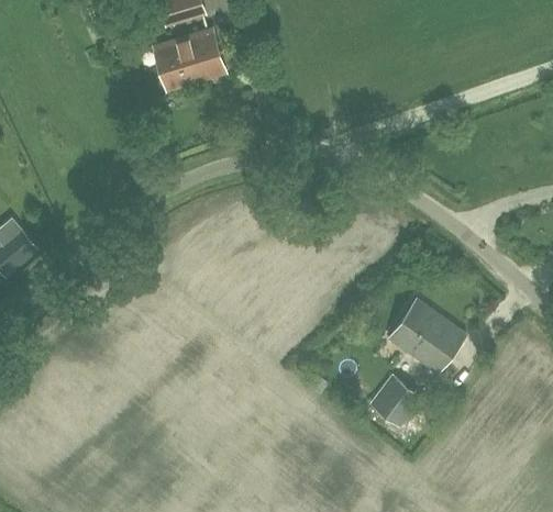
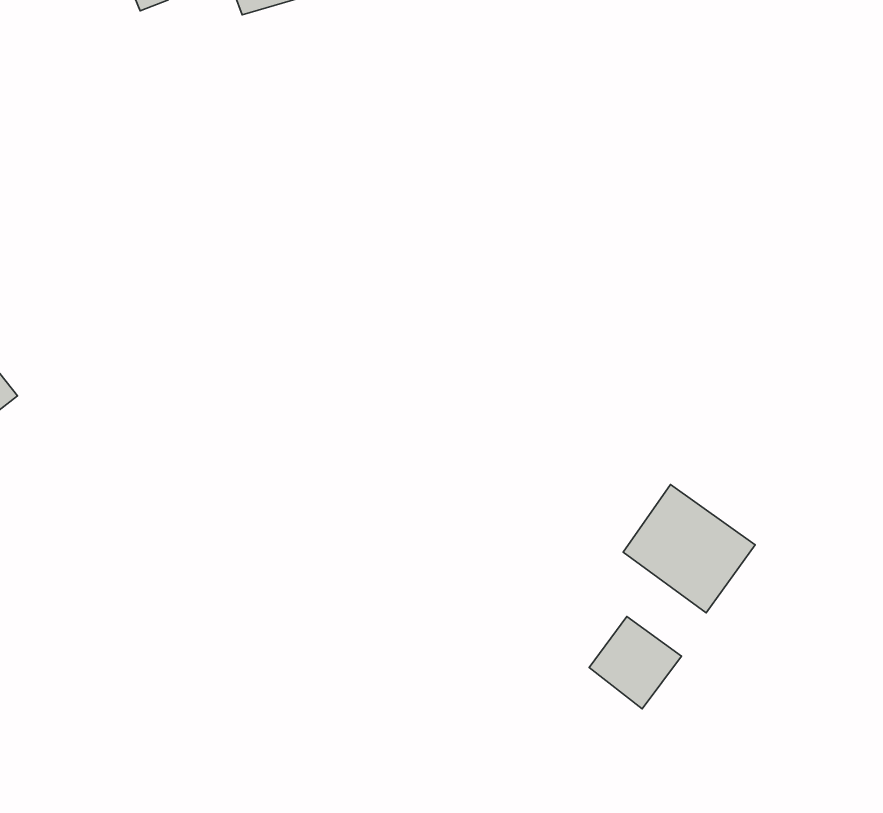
building: [155,30,224,89] -> none

